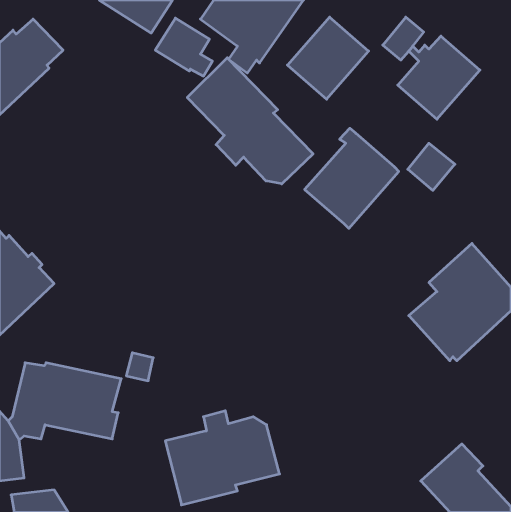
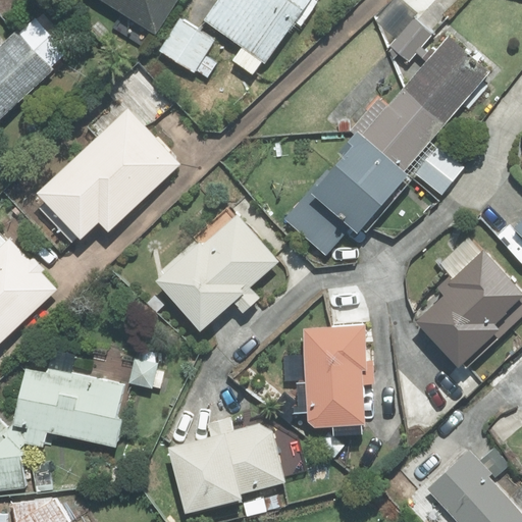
building: [287,17,369,99] -> [362,87,445,170]
building: [187,58,313,184] -> none
building: none -> [38,109,178,238]
building: none -> [285,193,350,255]
building: none -> [156,210,277,329]
building: none -> [303,325,374,426]

